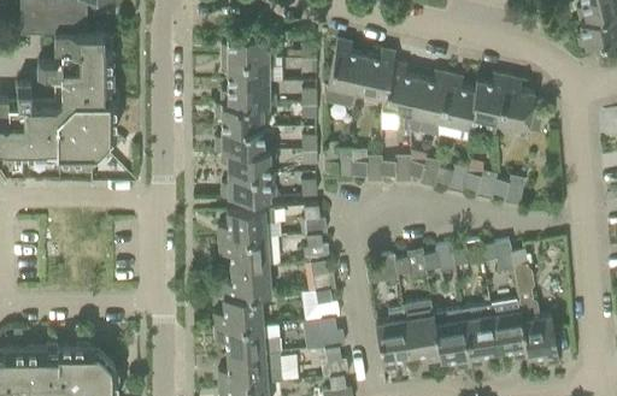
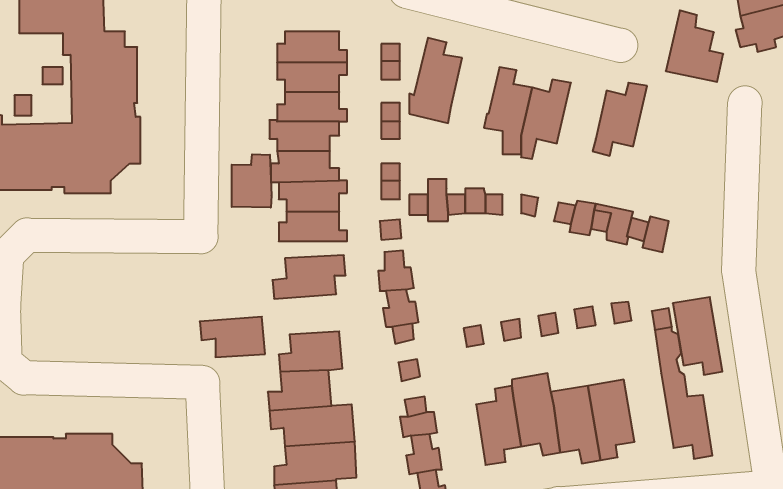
building: [355,48,395,97] -> none
building: [437,73,474,126] -> none
building: [496,76,541,131] -> [666,10,723,82]
building: none -> [232,154,271,208]
building: [218,237,269,268] -> [200,317,265,357]
building: [489,299,528,359] -> [673,297,722,375]

